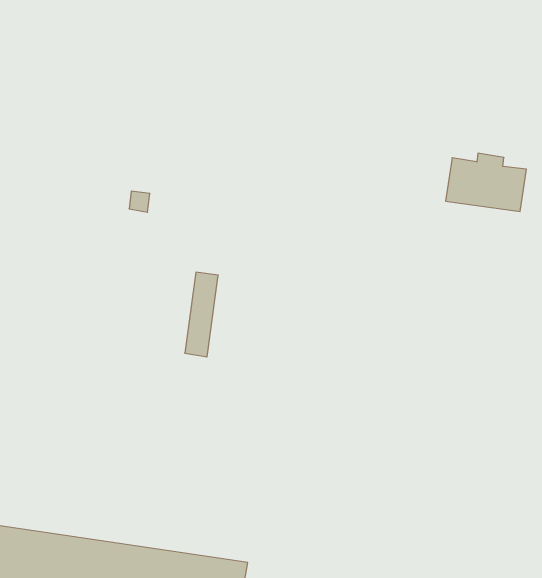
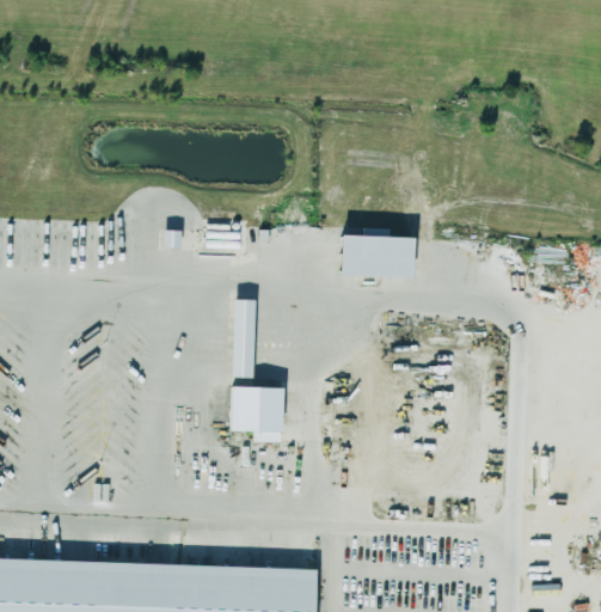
building: [446,153,526,211] -> [339,227,412,277]
building: none -> [232,386,283,441]

